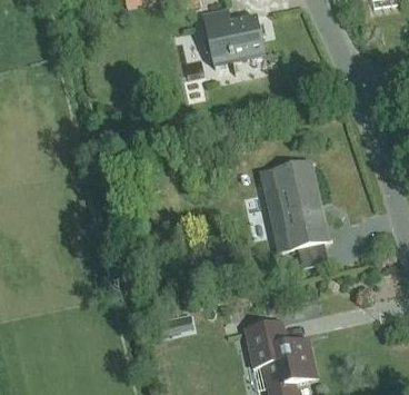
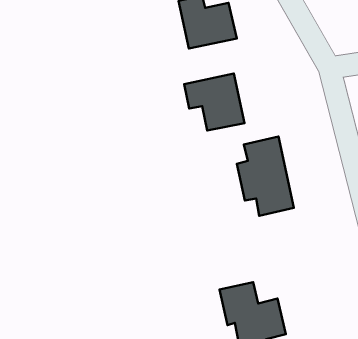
building: none -> [184,74,245,131]

